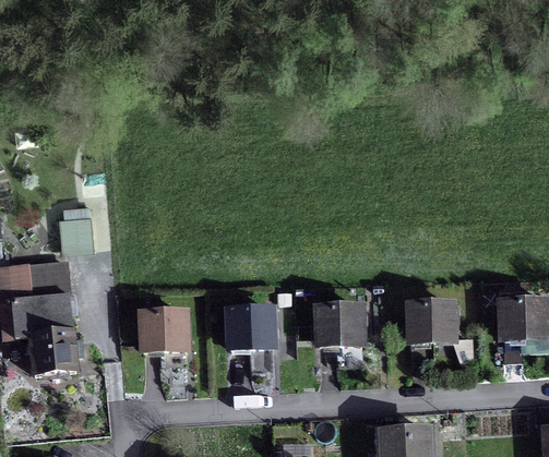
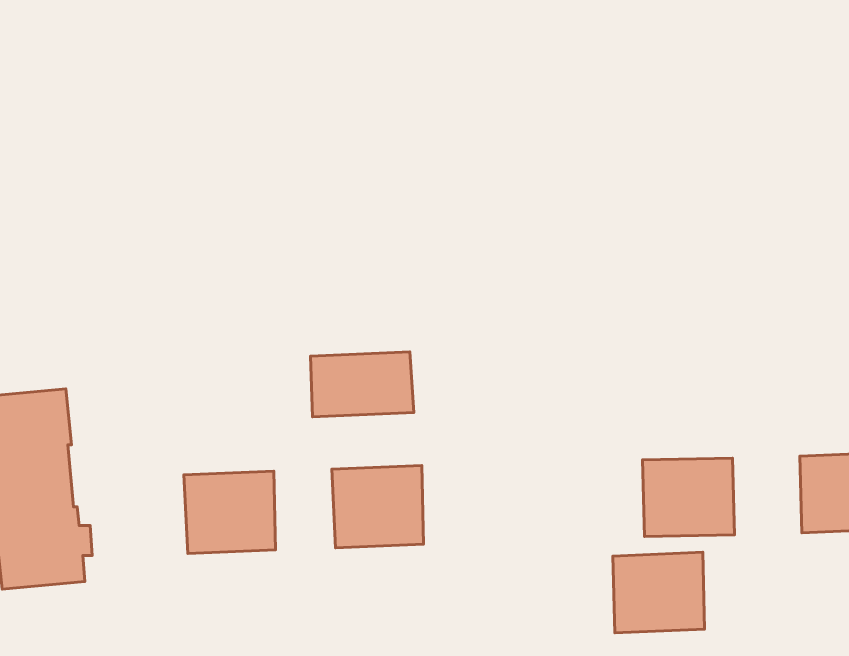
building: [60,203,94,251] -> none
building: none -> [311,352,414,417]
building: [313,302,367,349] -> [613,552,705,633]

